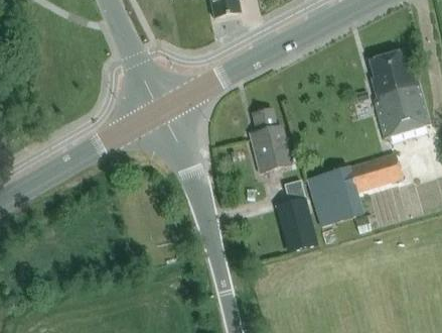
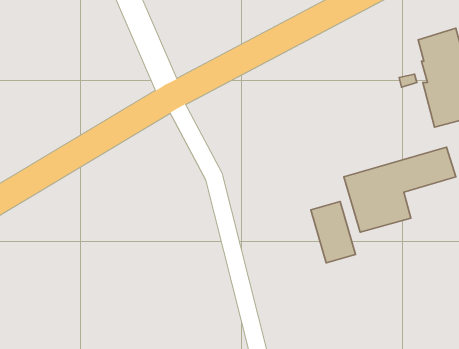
building: [252,107,292,172] -> none

